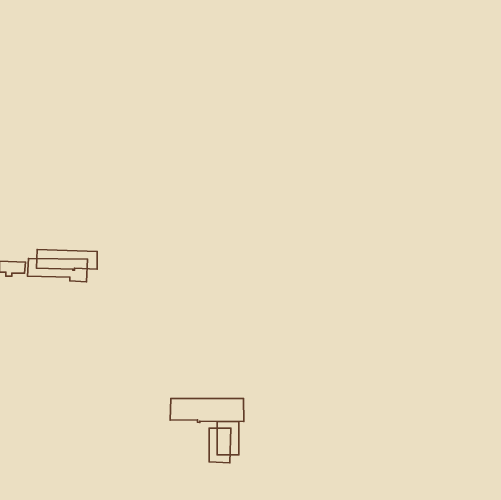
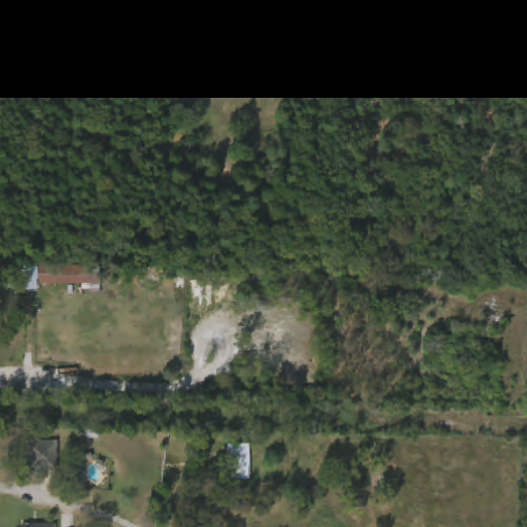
building: [170,399,244,422] -> none
building: none -> [26,435,58,468]

